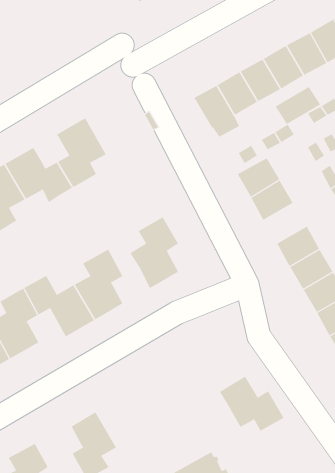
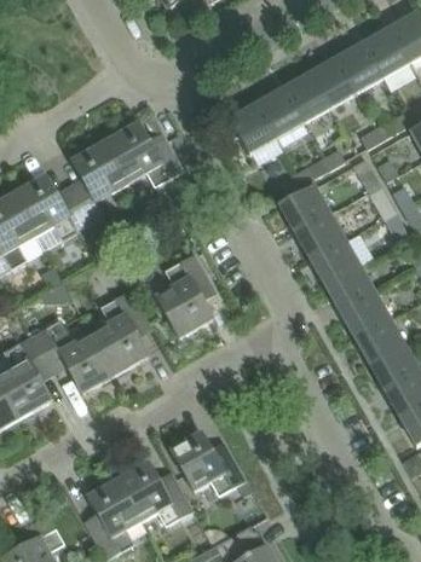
building: [275,86,321,125] -> none
building: none -> [104,121,183,185]
building: none -> [308,238,359,285]
building: [219,376,284,432] -> [169,430,244,494]
building: none -> [116,460,191,525]

